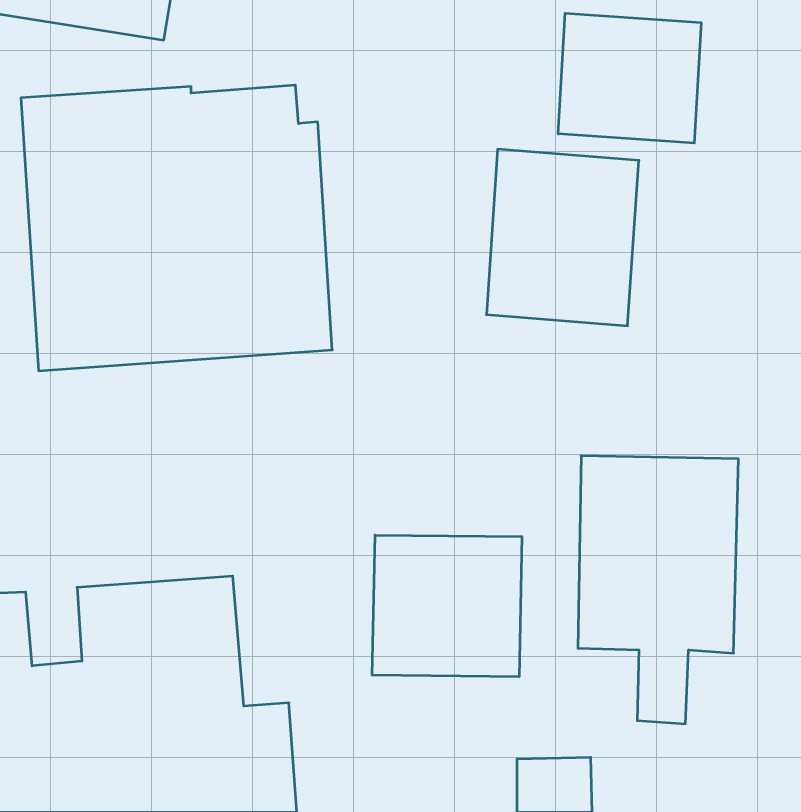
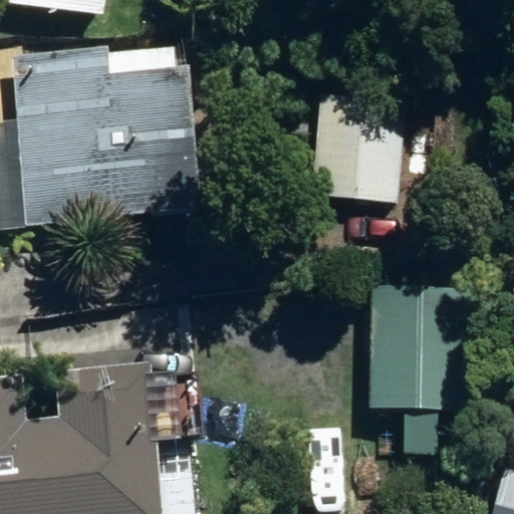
building: [558,13,701,143] -> none
building: [372,535,522,677] -> none

